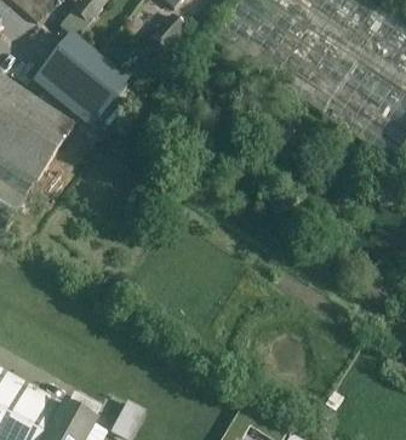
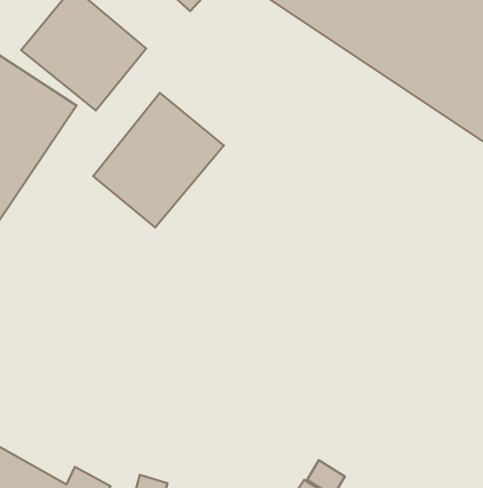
building: none -> [93,93,224,228]

